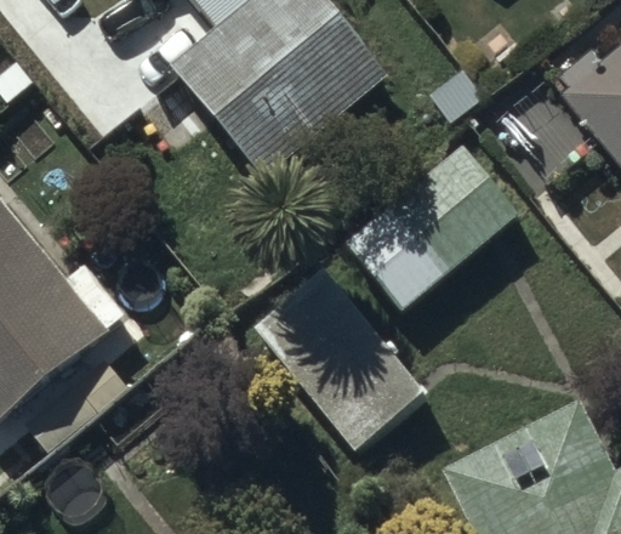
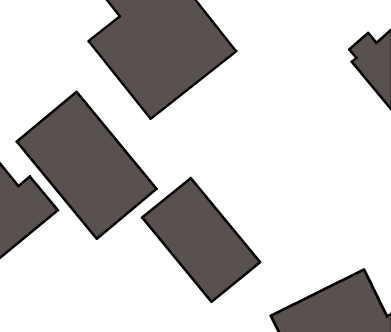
building: none -> [17,92,157,239]
building: [343,144,524,313] -> none

